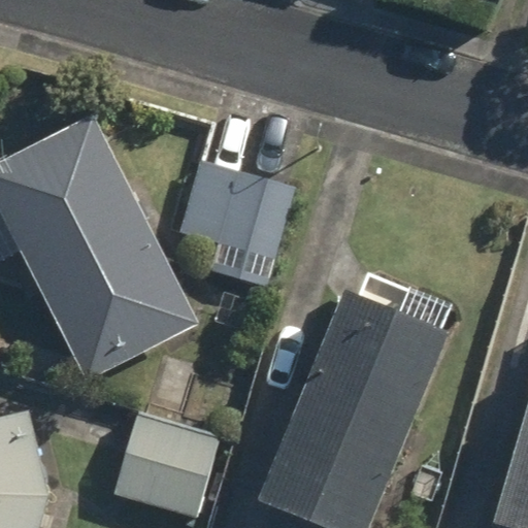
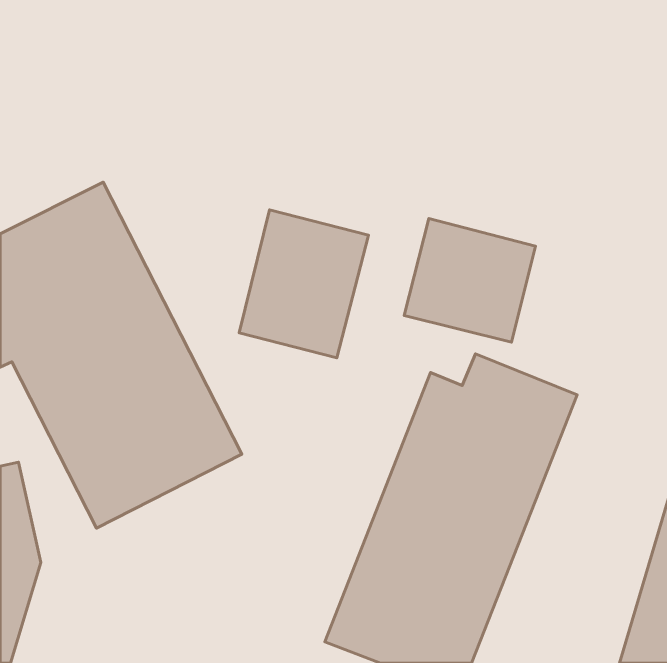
building: none -> [404,218,536,342]
building: [113,401,225,513] -> none

